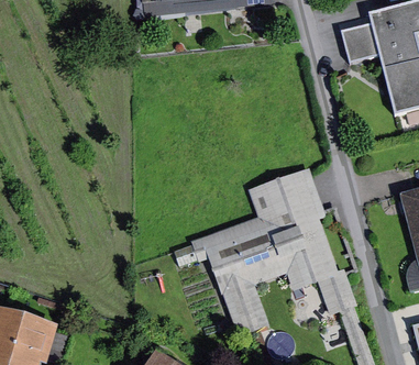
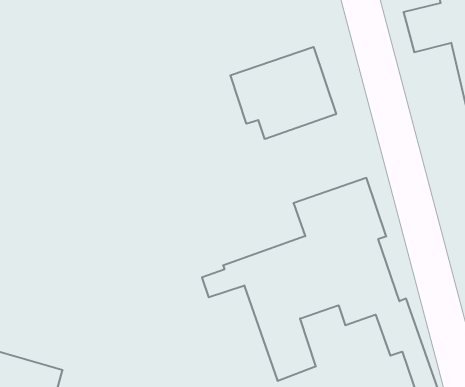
building: none -> [230,47,336,139]

